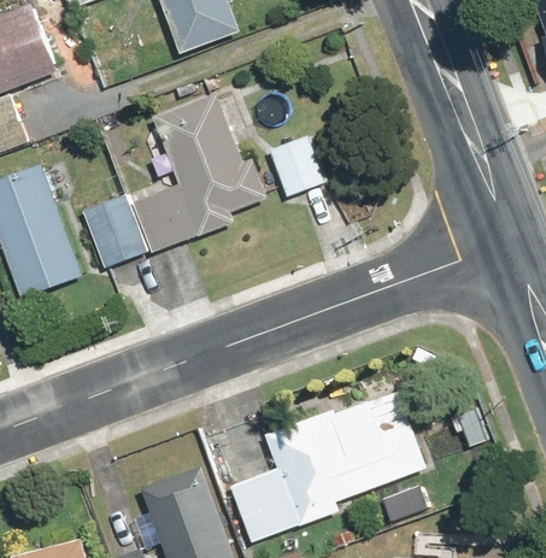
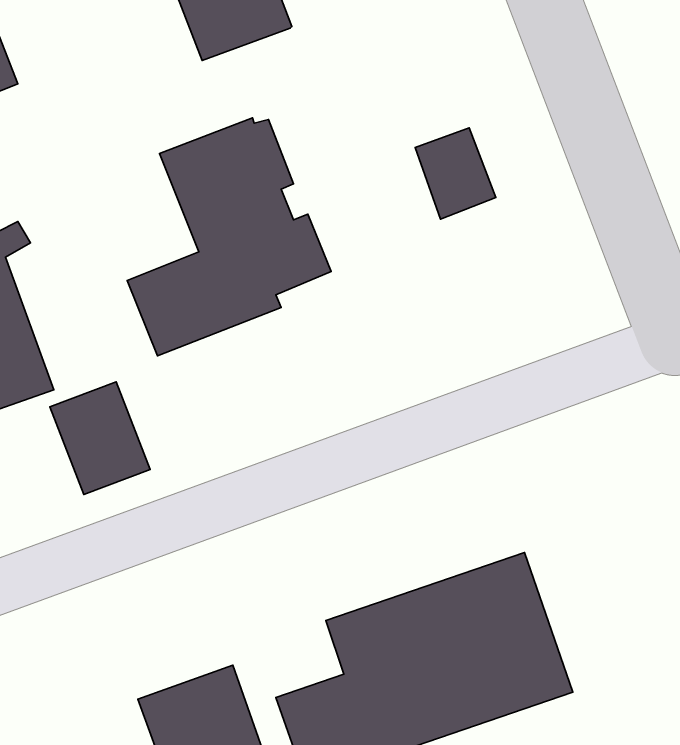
building: [269,136,323,198] -> [415,128,496,219]
building: [81,194,148,270] -> [50,382,150,495]

